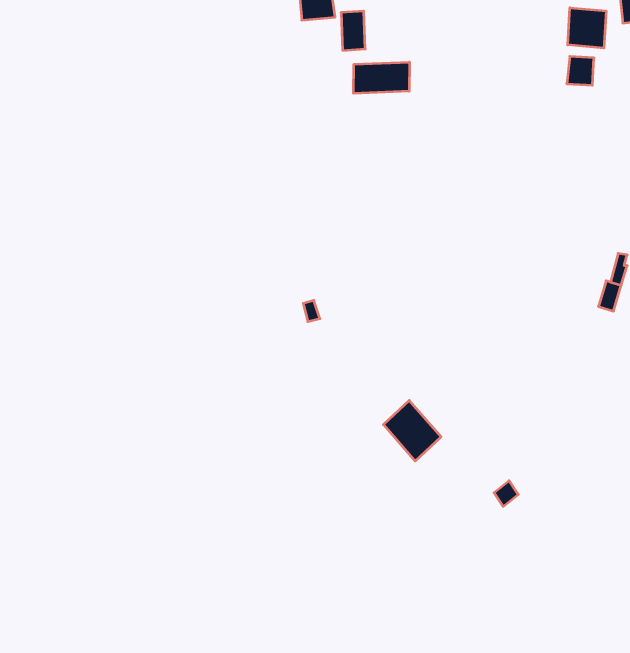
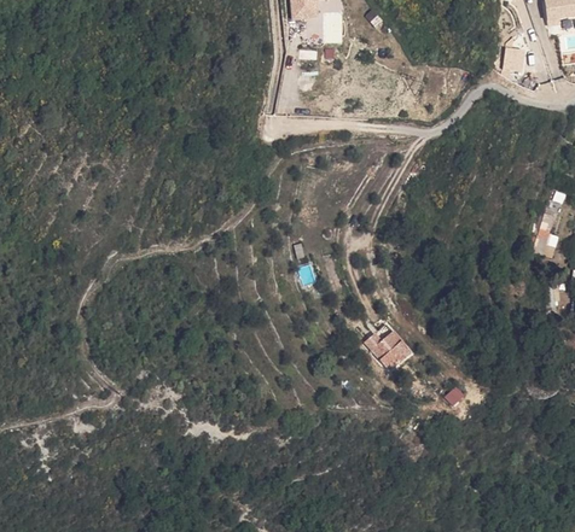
building: [568,8,606,48] -> none
building: [354,62,409,93] -> none

